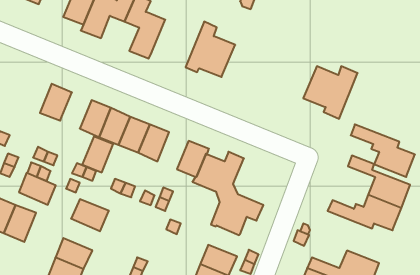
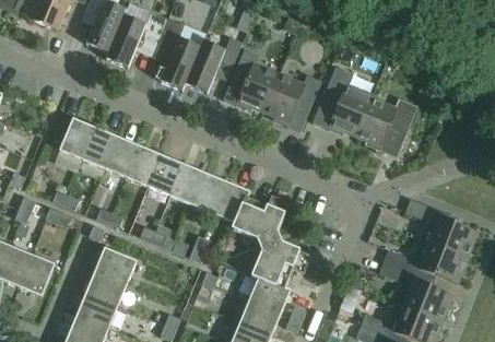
building: none -> [185,37,241,93]
building: none -> [311,67,373,134]
building: none -> [263,74,321,131]
building: [351,124,415,177] -> [378,261,450,320]
building: none -> [191,173,226,214]
building: [82,136,113,172] -> [82,128,117,168]
building: [19,173,56,205] -> [85,270,127,306]
building: none -> [248,278,290,312]

